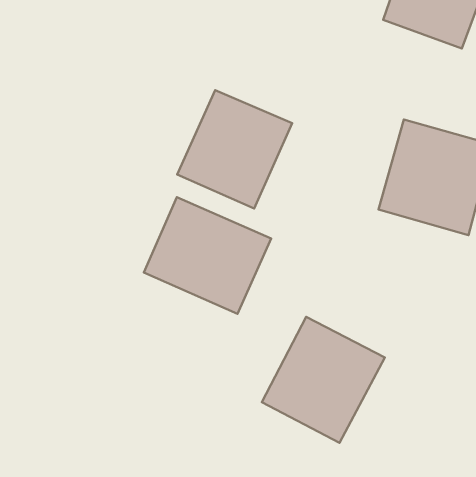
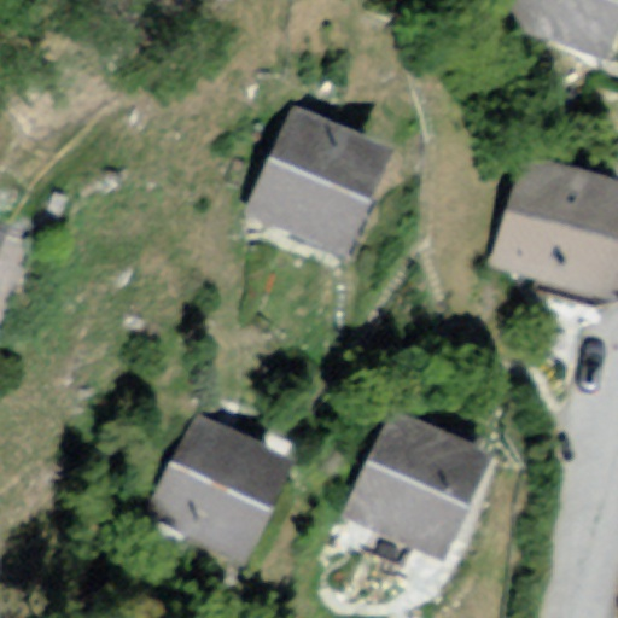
building: [144,197,271,314] -> none
building: none -> [148,412,295,562]

